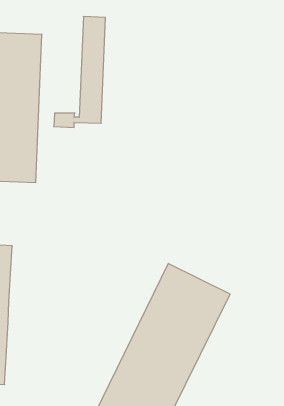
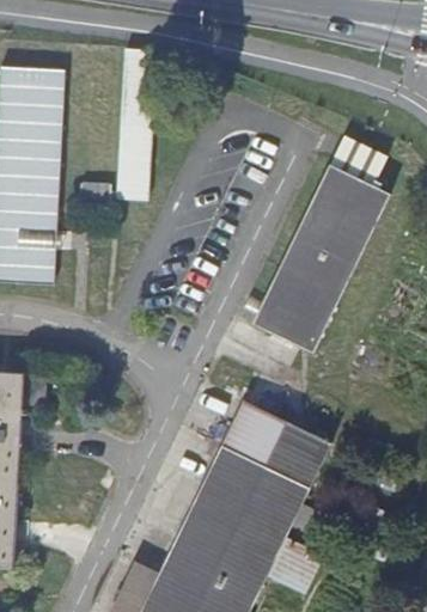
building: none -> [251,140,389,355]

